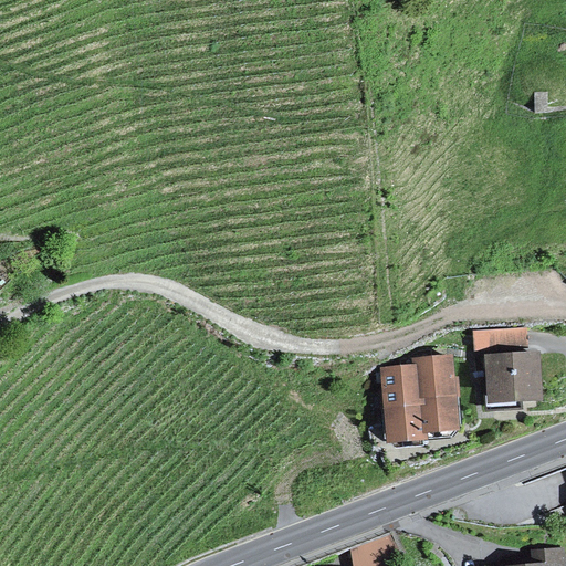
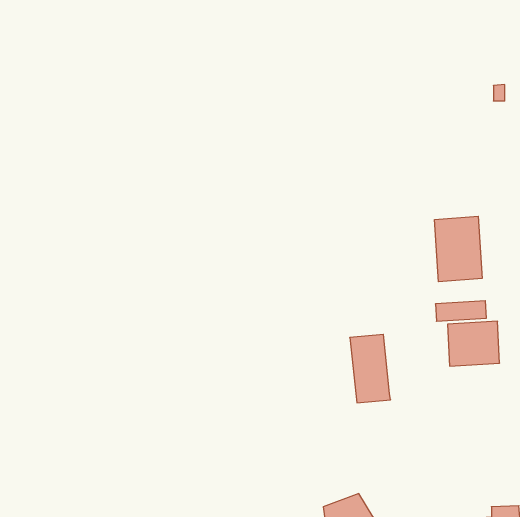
building: none -> [435,216,482,282]
building: [415,354,458,431] -> none

